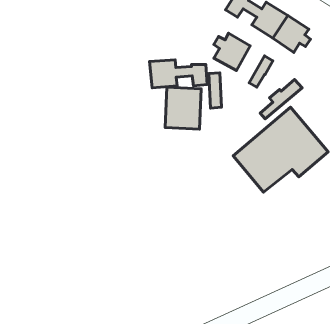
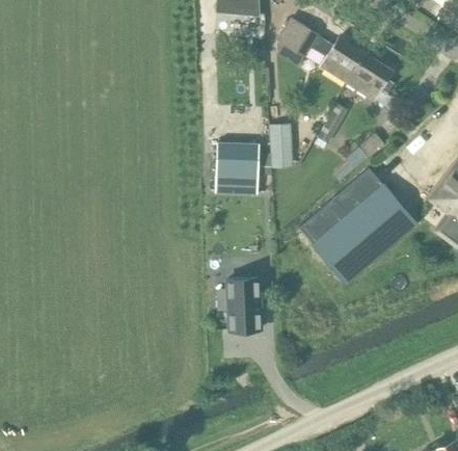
building: [214,33,250,70] -> none
building: [150,60,207,88] -> none
building: none -> [227,278,262,331]

